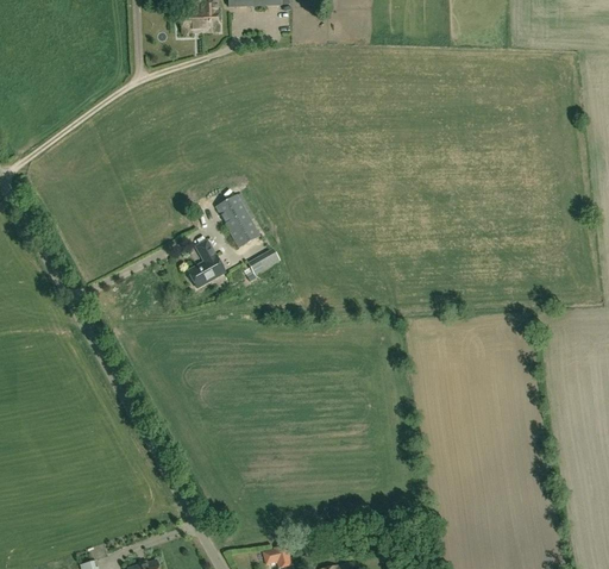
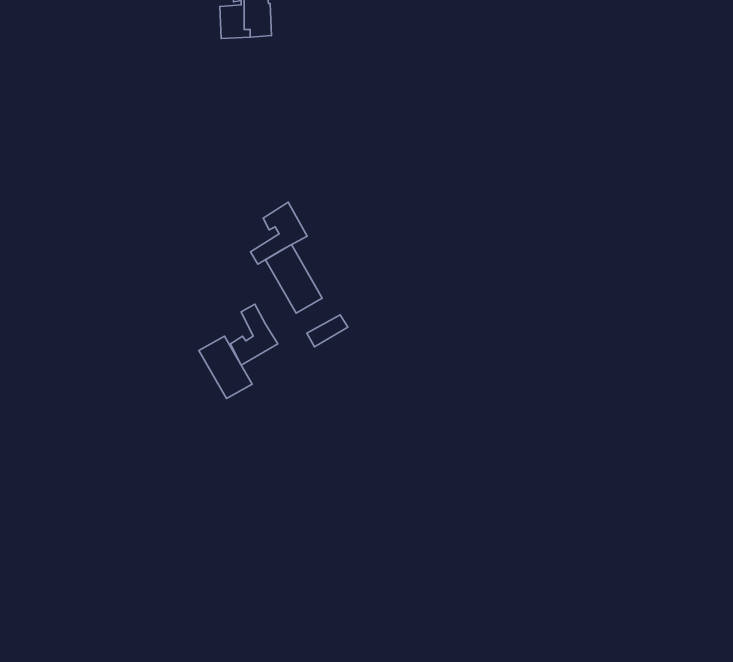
building: none -> [250,202,307,264]
building: none -> [199,336,252,399]

